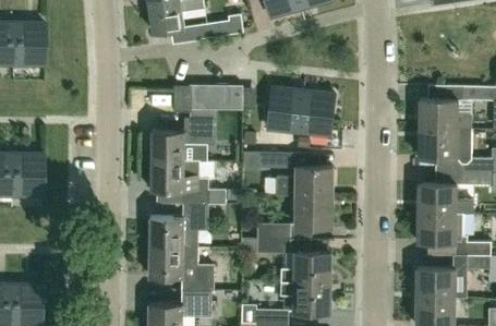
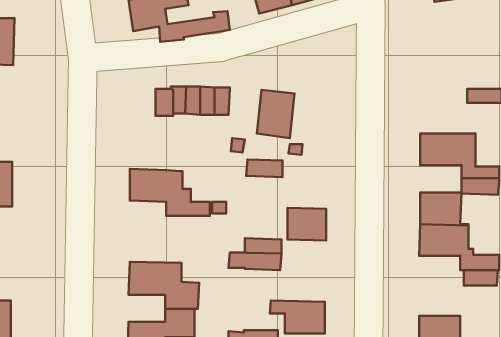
building: [298,90,334,135] -> none
building: [419,98,470,128] -> none
building: [149,119,211,161] -> none
building: [276,168,332,197] -> none
building: [149,204,206,247] -> none
building: [280,253,331,283] -> none
building: [418,267,456,297] -> none

